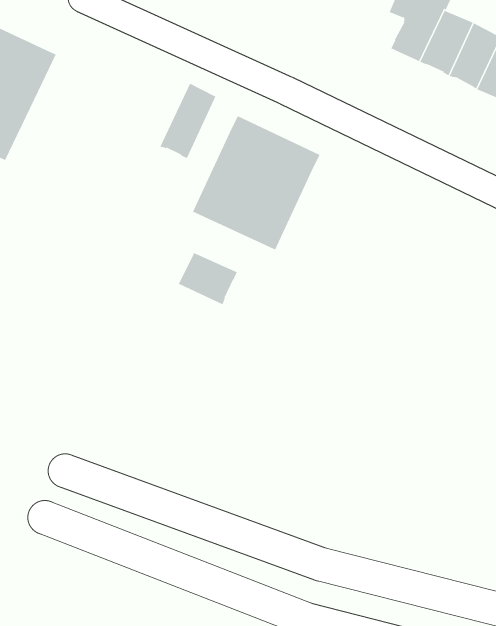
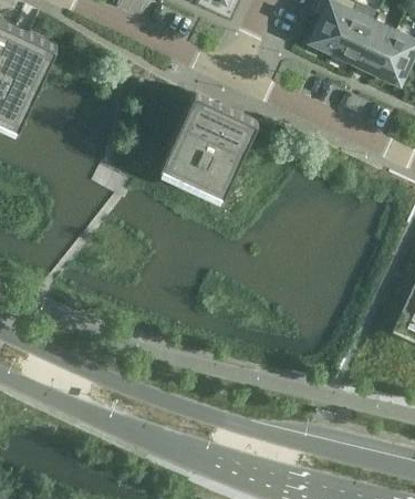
building: [160,83,216,159] -> none
building: [178,252,238,305] -> none

